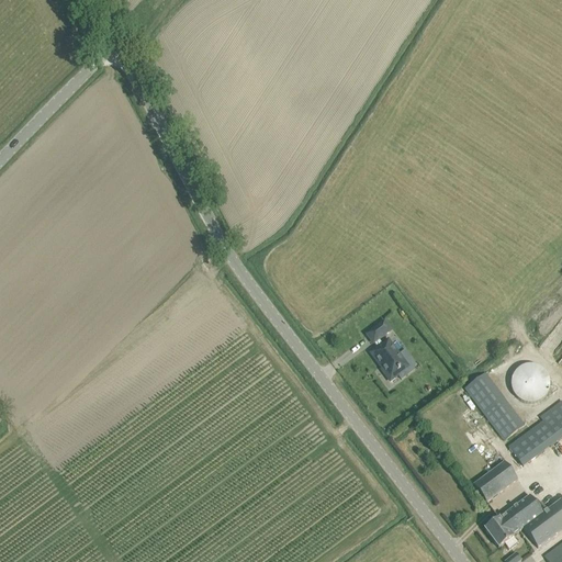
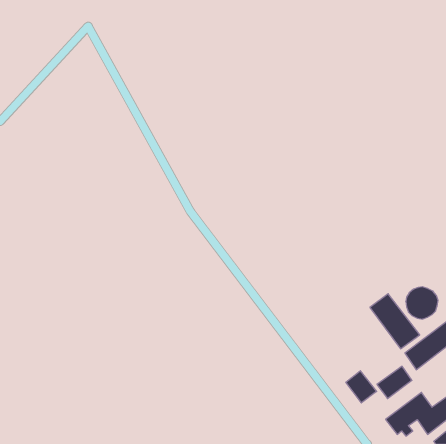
building: [368,319,408,379] -> none
building: none -> [346,371,377,403]

